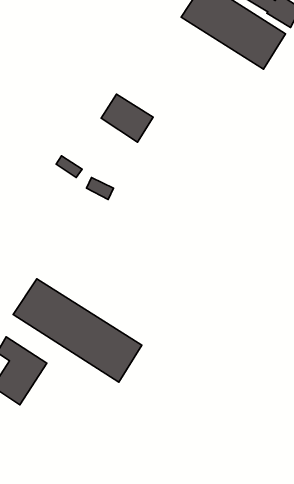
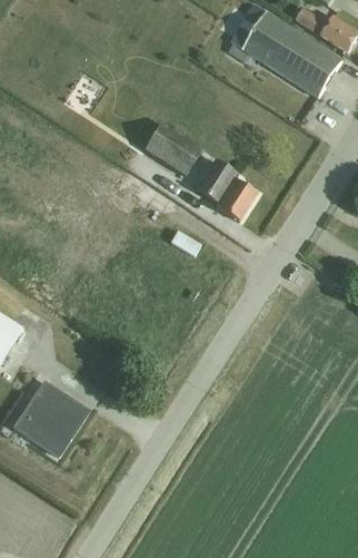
building: none -> [196,159,257,222]
building: [13,279,142,382] -> none

